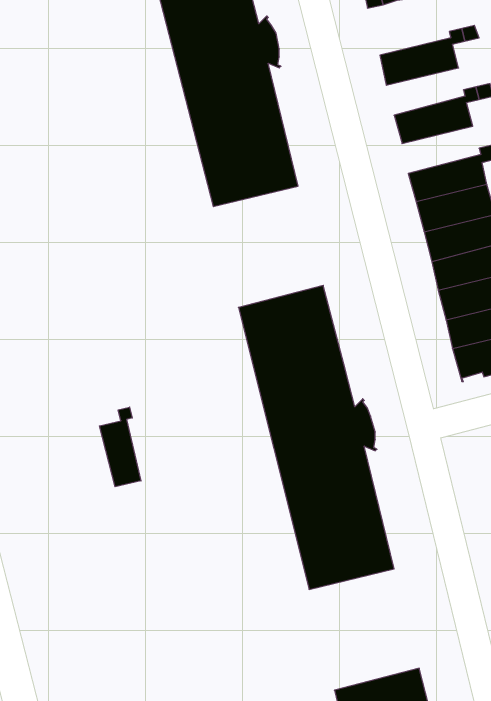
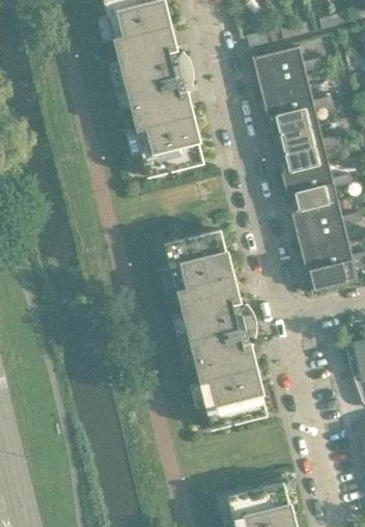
building: none -> [253,46,305,78]
building: none -> [262,86,314,117]
building: none -> [273,124,325,156]
building: [99,407,141,487] -> none

